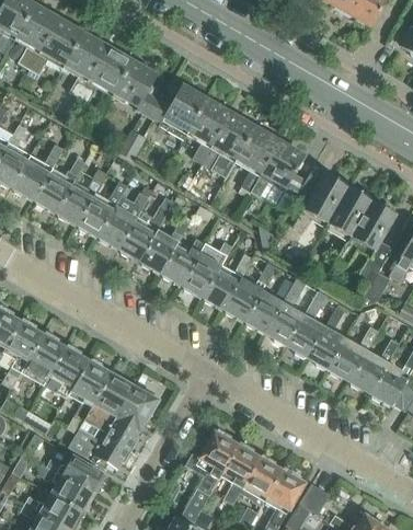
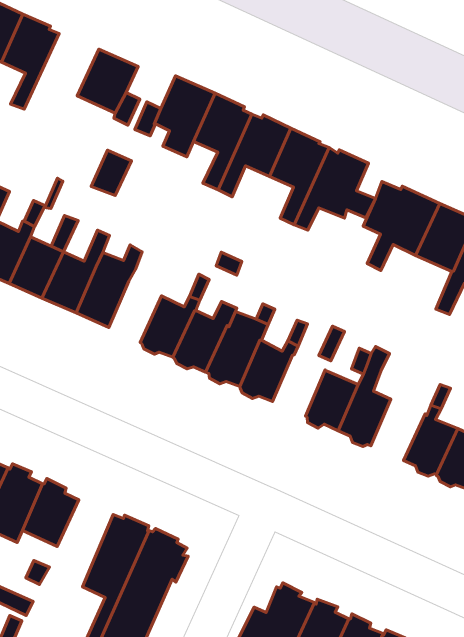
building: [79,48,133,102] -> none
building: [121,205,170,260] -> none
building: [225,278,262,320] -> none
building: [287,300,325,356] -> none
building: [70,360,111,406] -> none

